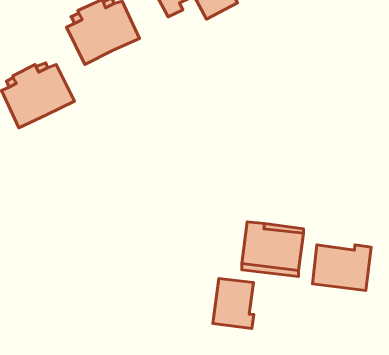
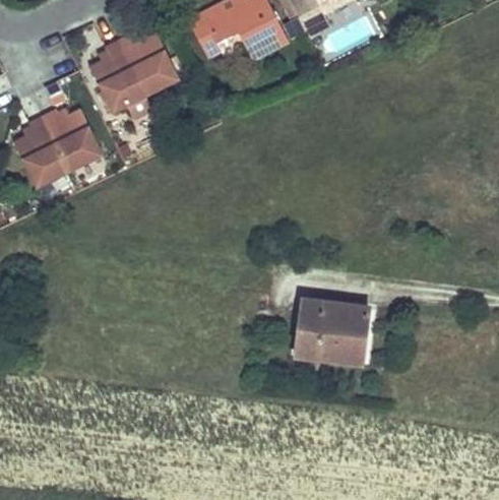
building: [313,245,371,290] -> none
building: [213,278,254,328] -> none

